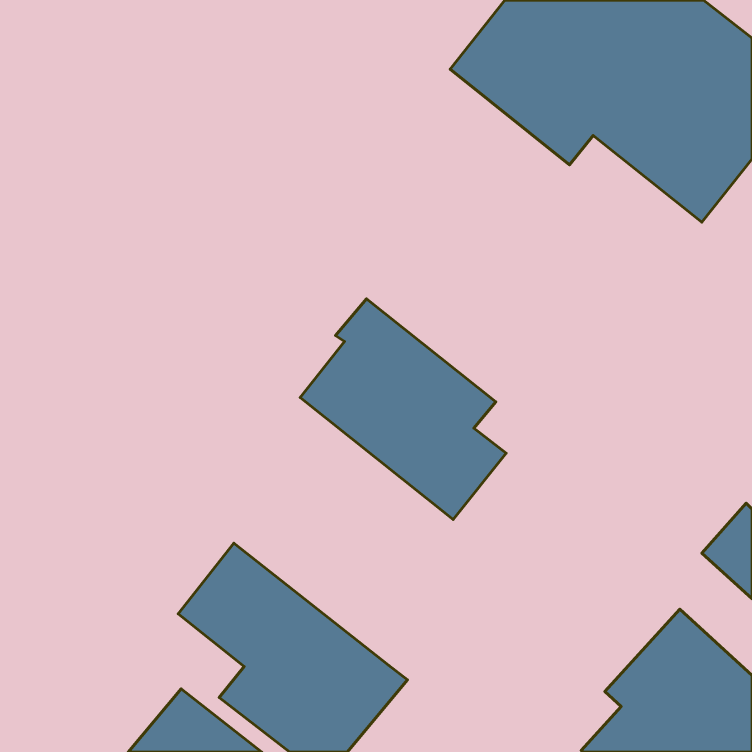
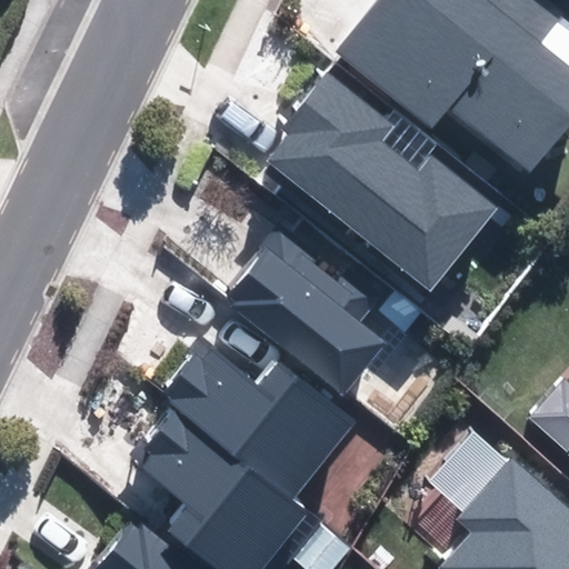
building: none -> [270,73,495,290]
building: none -> [163,346,355,502]

